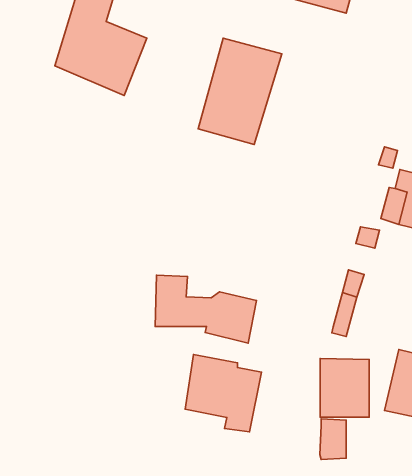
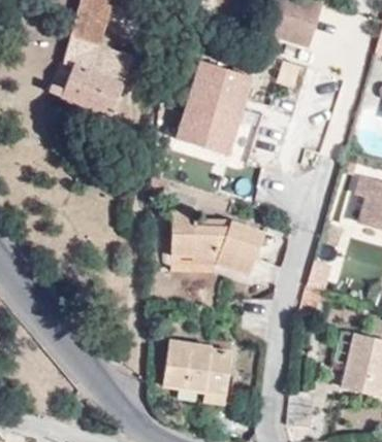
building: [155,275,257,343] -> [176,209,263,268]
building: [320,359,369,417] -> none

